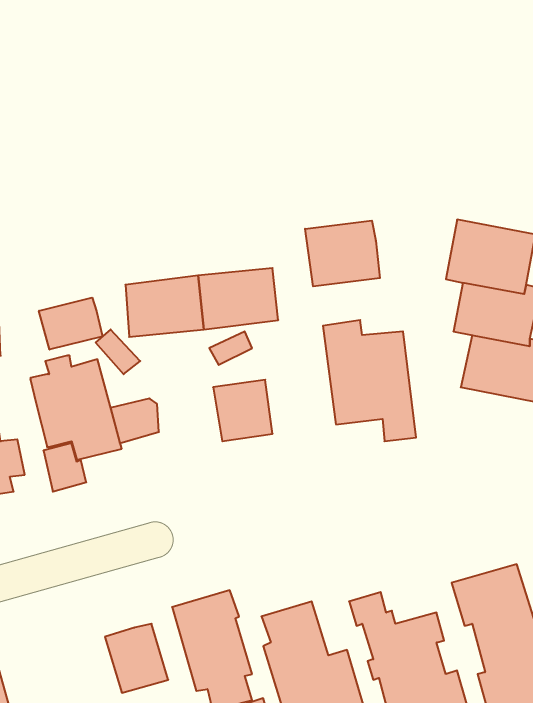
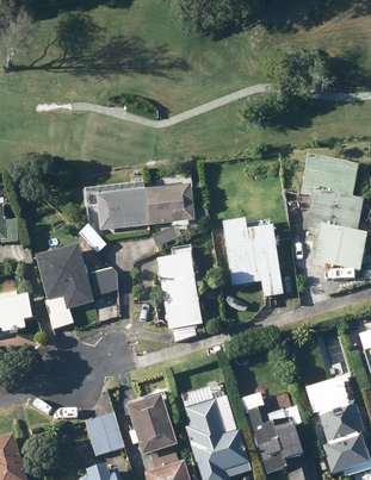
building: [305,221,380,286] -> none
building: [39,298,103,350] -> none
building: none -> [159,289,197,330]

